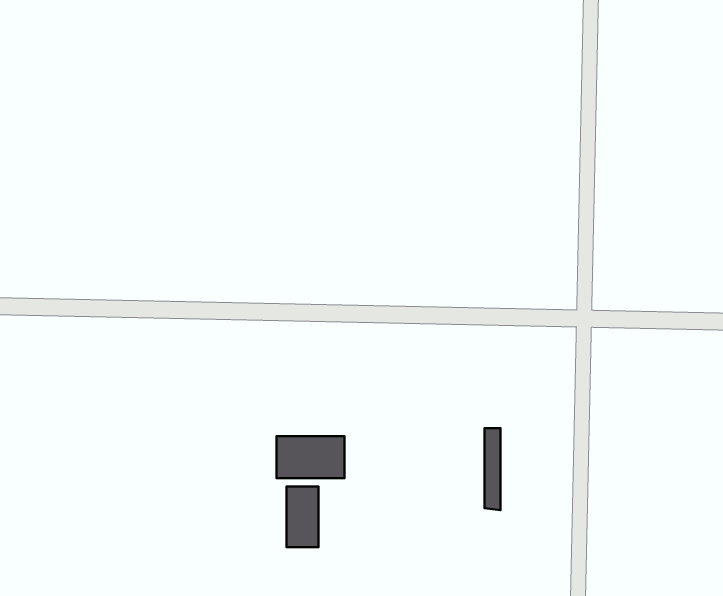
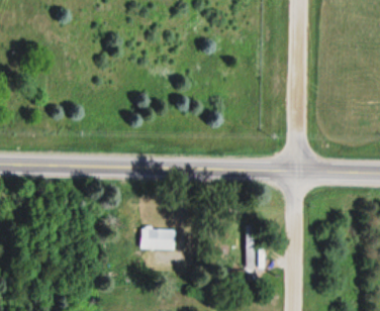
building: [286,487,318,547] -> none

